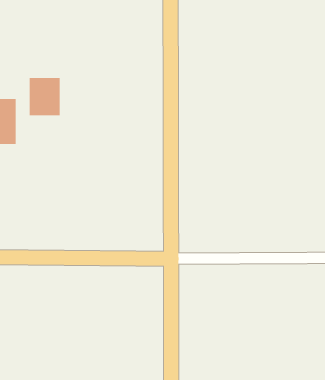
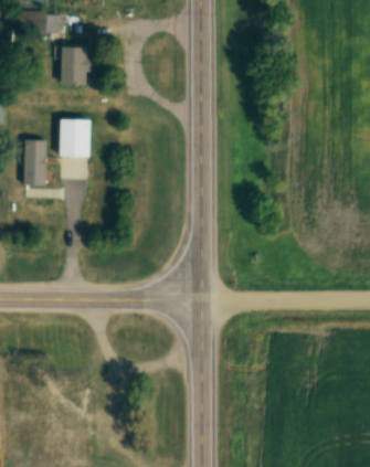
building: none -> [62,46,89,84]

